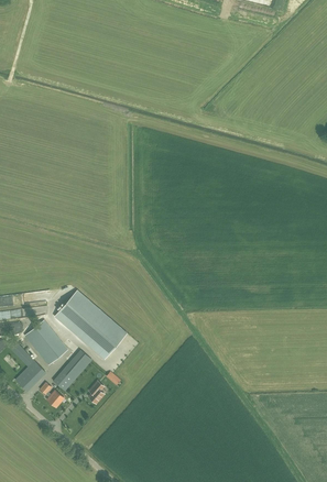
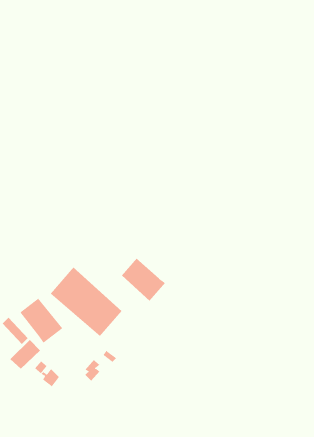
building: none -> [121,258,166,302]
building: [53,349,91,391] -> none

